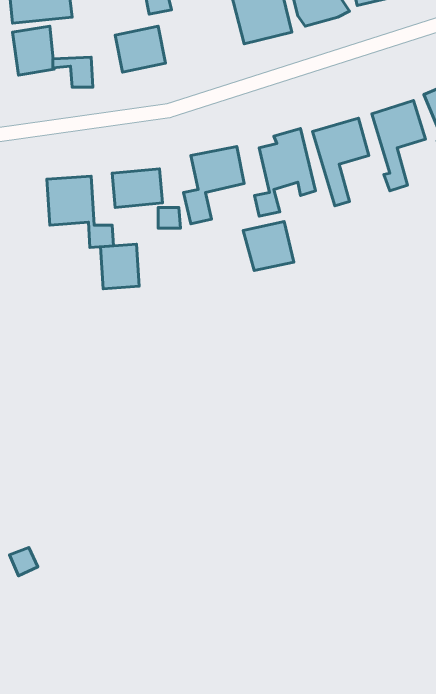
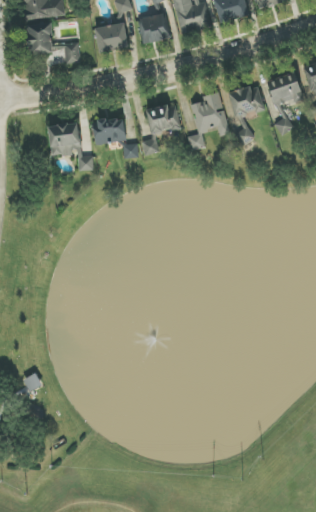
building: none -> [139,13,170,42]
building: [243,222,294,270] -> none
building: [100,244,139,289] -> none

